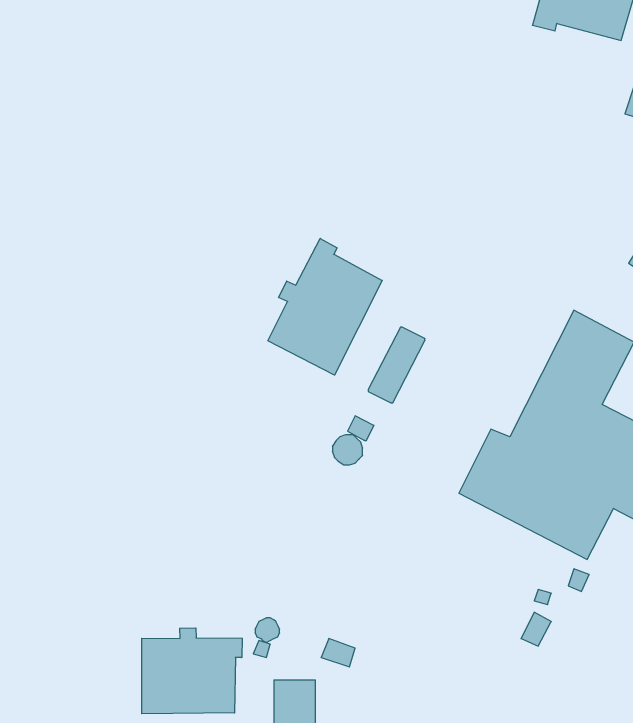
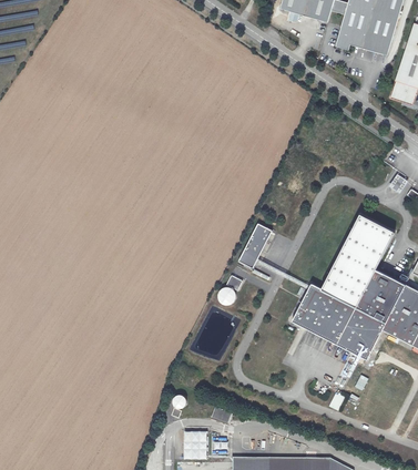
building: [268,238,382,375] -> none
building: [142,628,242,714] -> none

